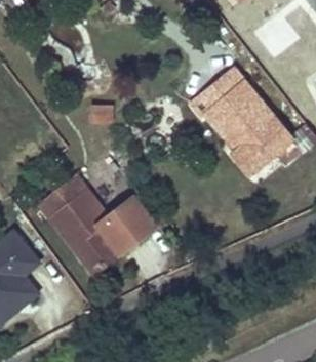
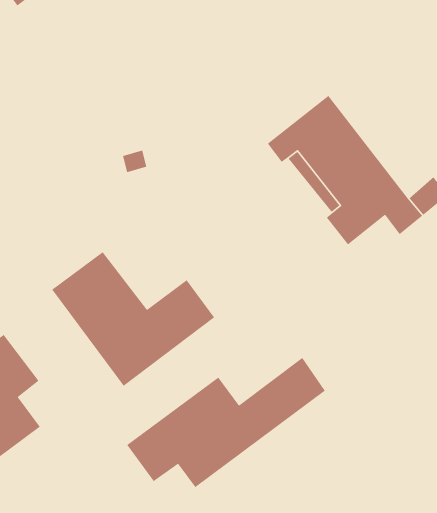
building: none -> [126,357,326,488]

